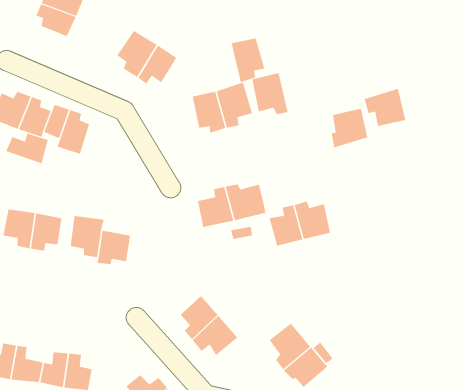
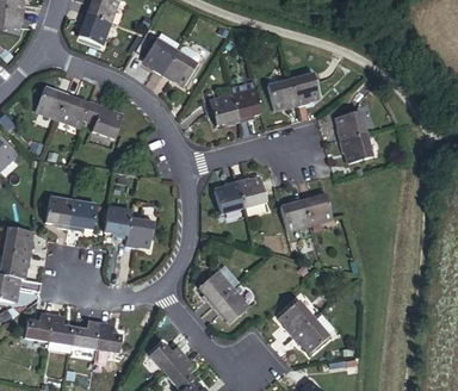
building: [231,38,265,83] -> [289,67,320,107]
building: [364,88,406,127] -> [338,130,376,165]
building: [6,133,49,164] -> none

